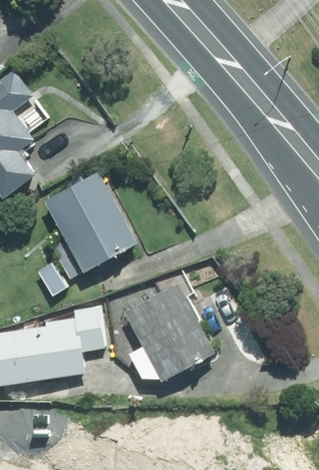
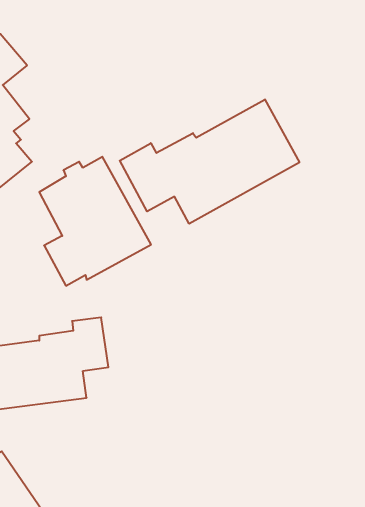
building: none -> [120,99,299,224]
building: [124,281,214,379] -> none

